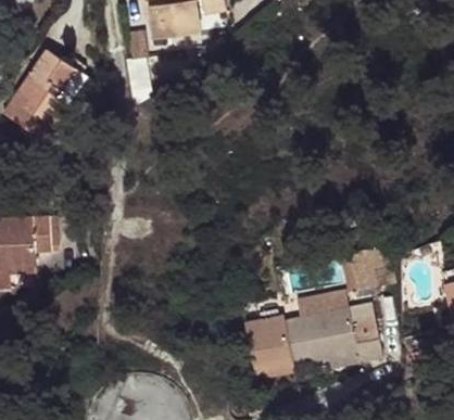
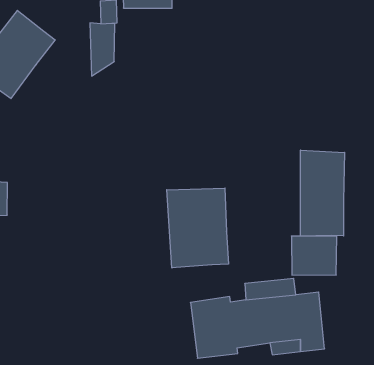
building: none -> [301,150,345,236]
building: none -> [167,188,228,268]

